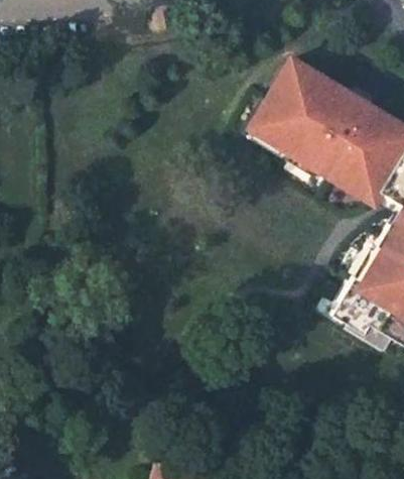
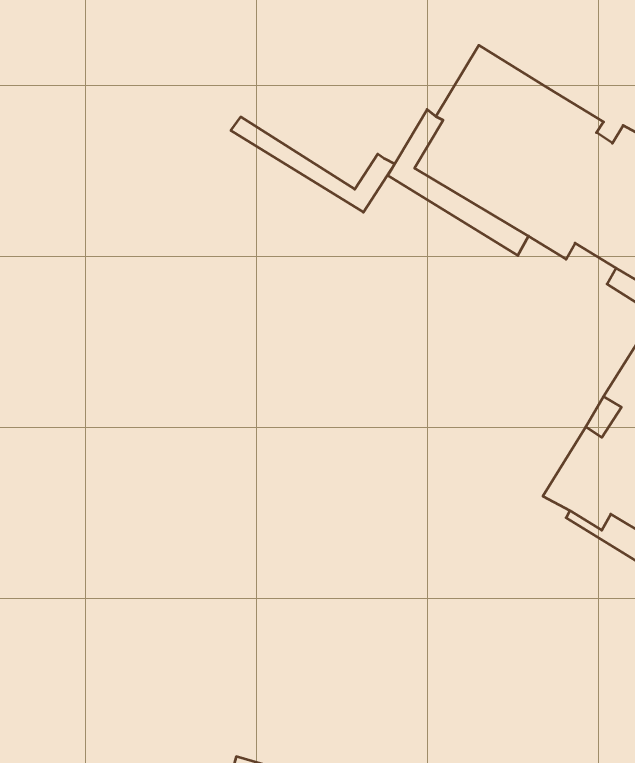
building: none -> [231,117,395,212]

